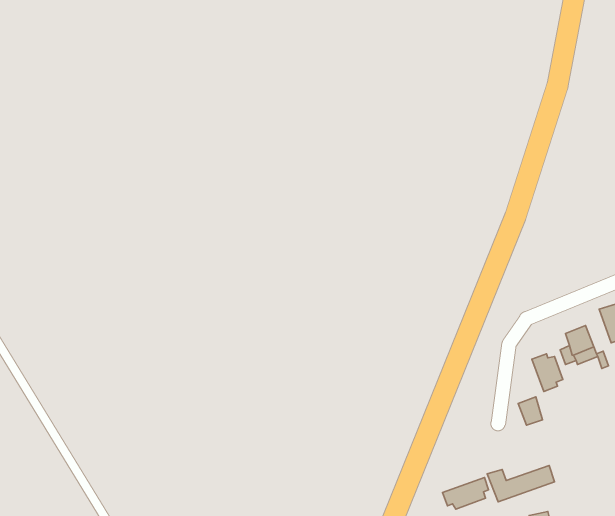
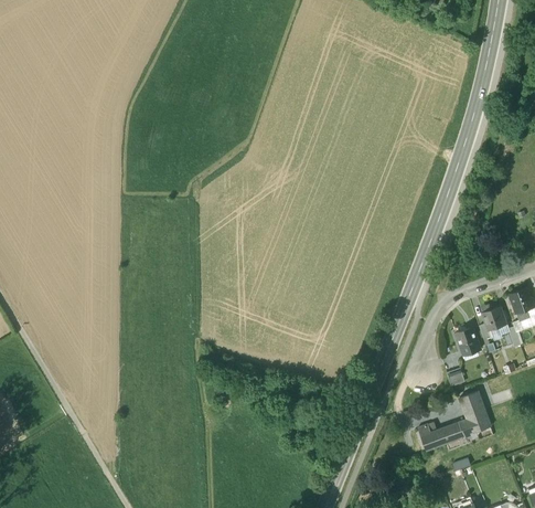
building: none -> [460,389,493,434]
building: [442,478,489,509] -> none

